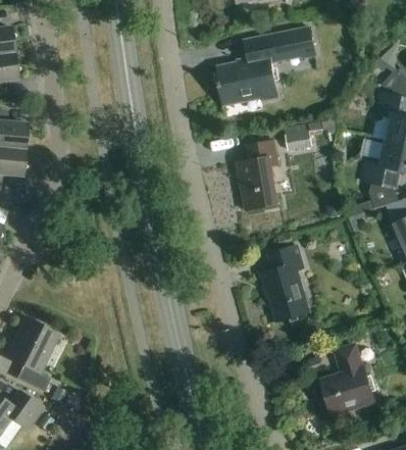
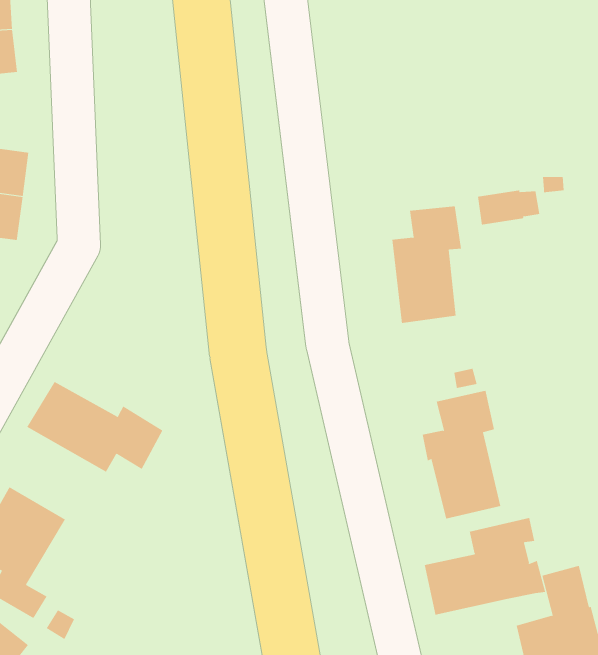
building: [216,28,317,105] -> none
building: none -> [27,381,163,473]
building: none -> [424,517,546,615]

